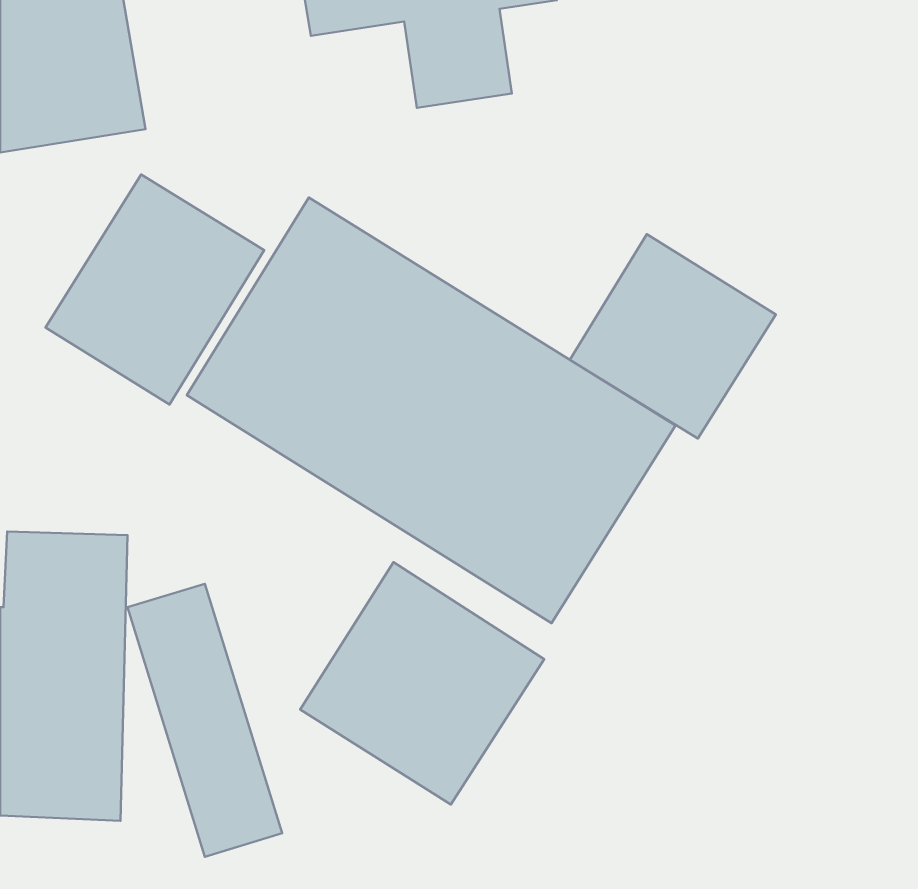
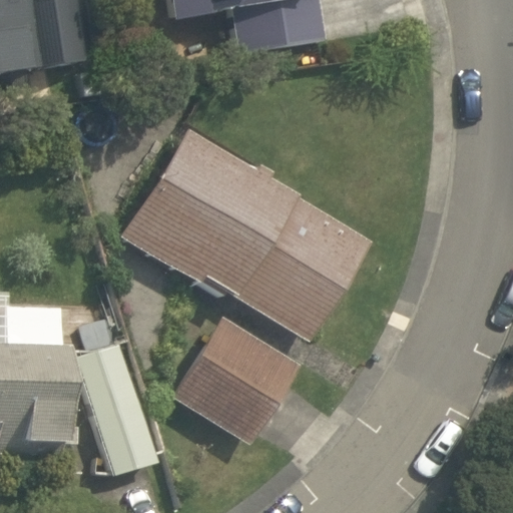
building: [46,175,264,404] -> none
building: [570,234,776,439] -> none

